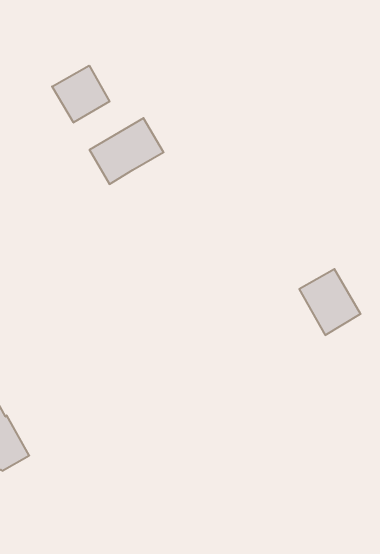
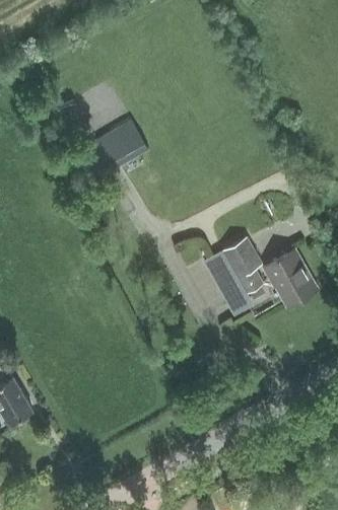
building: [52,66,110,123] -> none
building: none -> [204,237,264,315]

